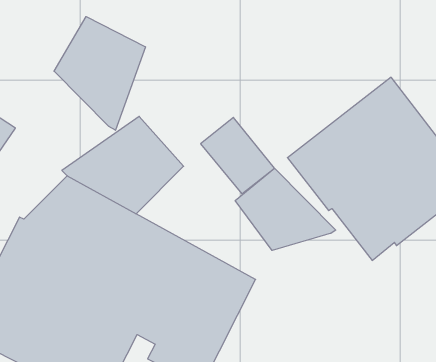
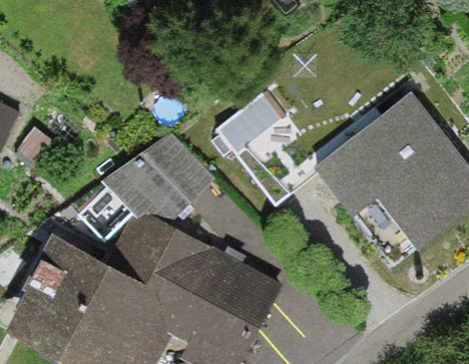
building: [54,17,145,130] -> none
building: [235,168,336,250] -> none

